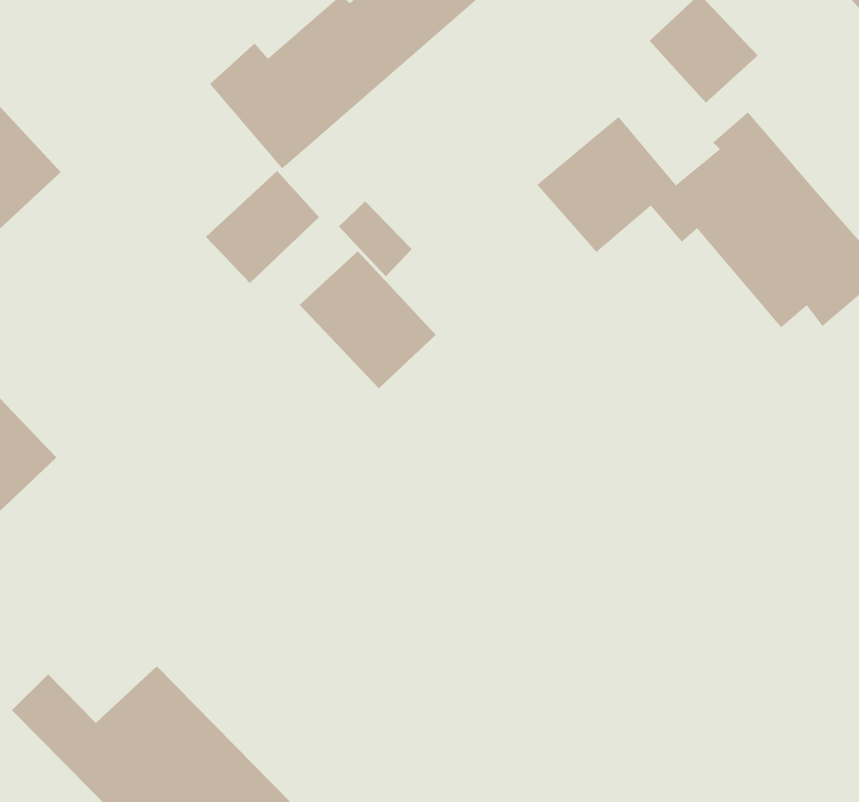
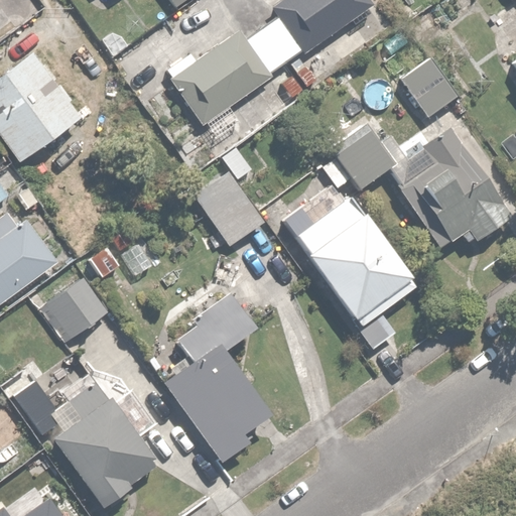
building: [205,170,320,284] -> none
building: none -> [293,196,414,324]
building: none -> [164,292,274,461]
building: none -> [46,278,103,333]

